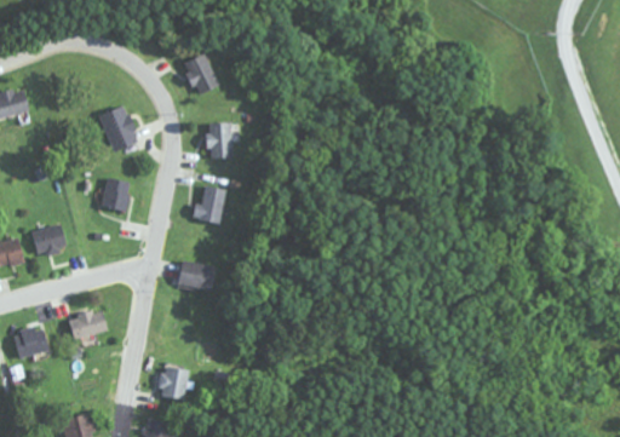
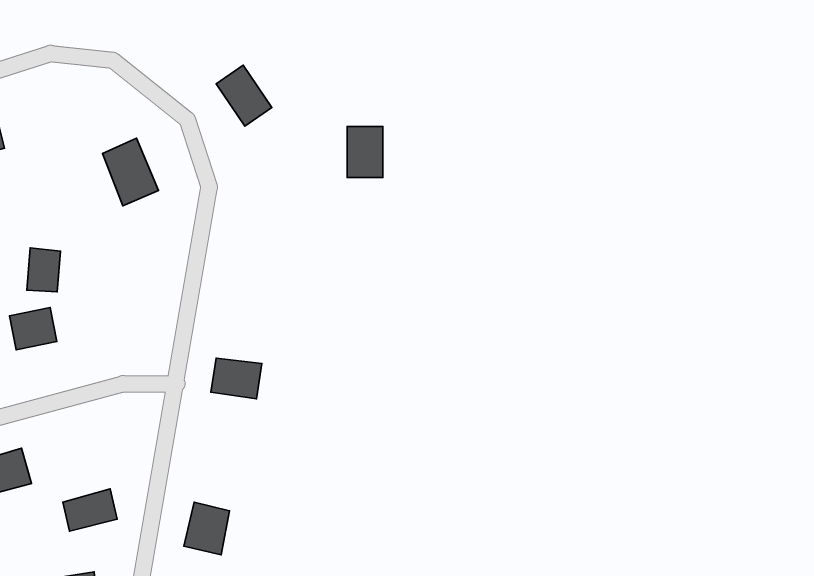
building: [206,122,231,159] -> [347,127,383,177]
building: [104,180,128,212] -> [27,248,61,292]
building: [191,185,225,225] -> none
building: [68,310,107,340] -> [63,489,117,531]

